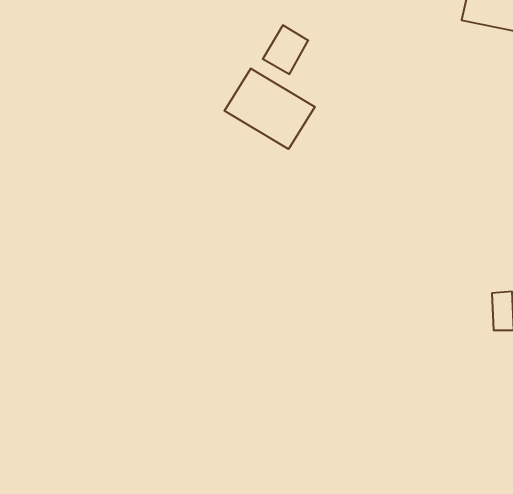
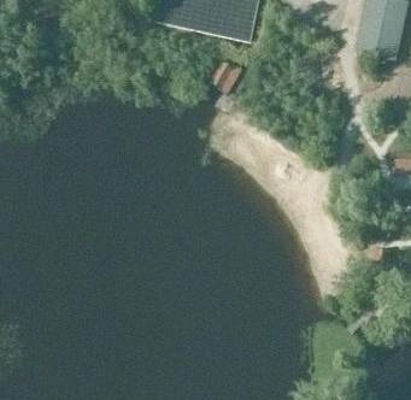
building: [224,68,315,149] -> none

